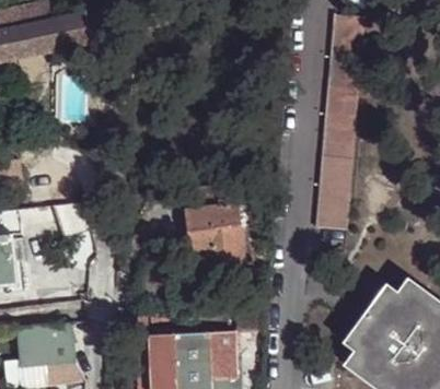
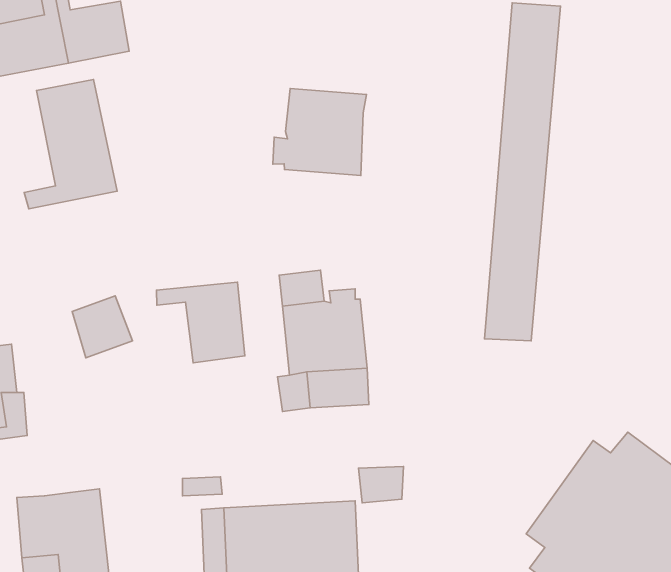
building: none -> [24,79,117,209]
building: none -> [273,88,366,176]
building: none -> [156,282,245,363]

